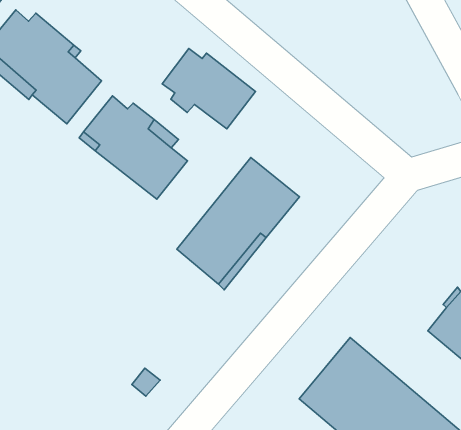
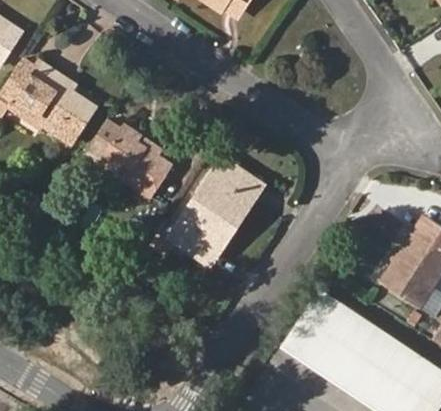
building: [162,48,255,129] -> none

